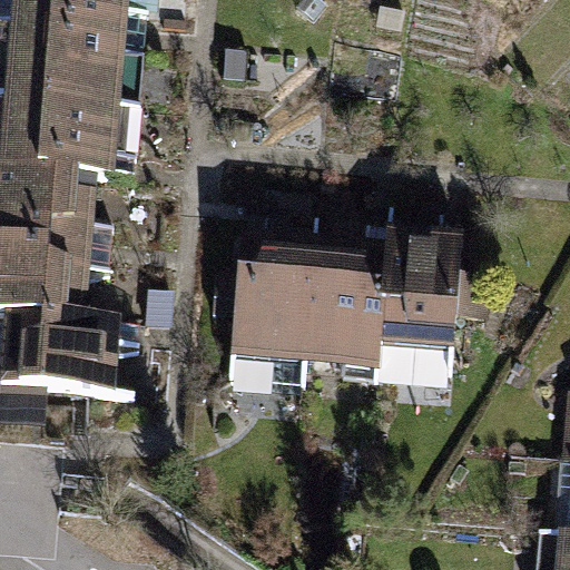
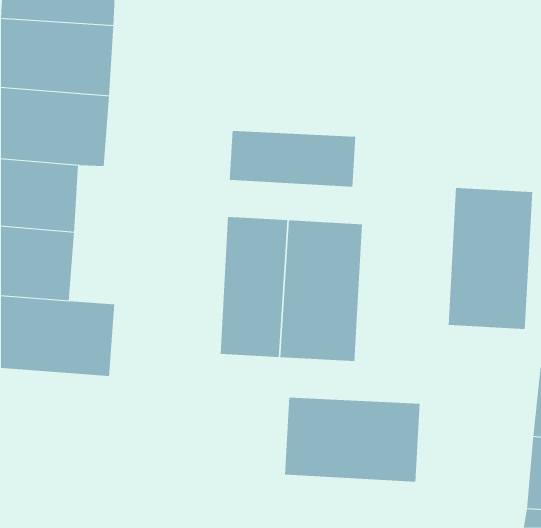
building: none -> [229,130,356,188]
building: [375,234,464,382] -> [448,188,533,329]
building: none -> [285,397,420,483]

